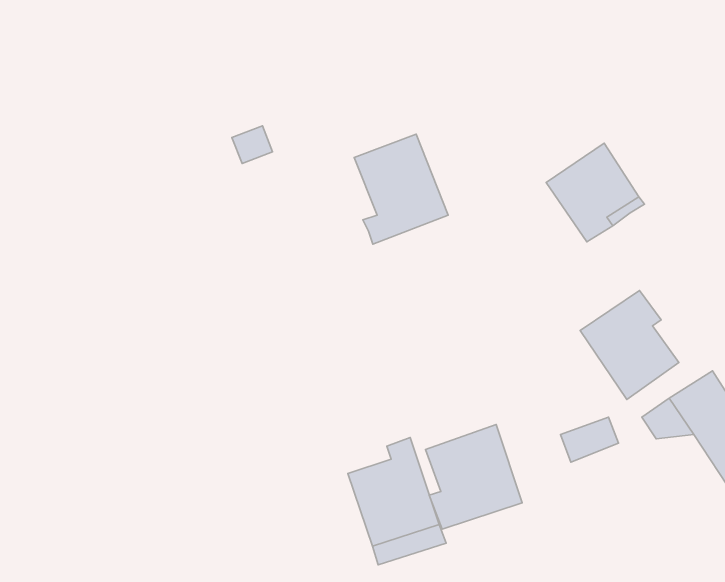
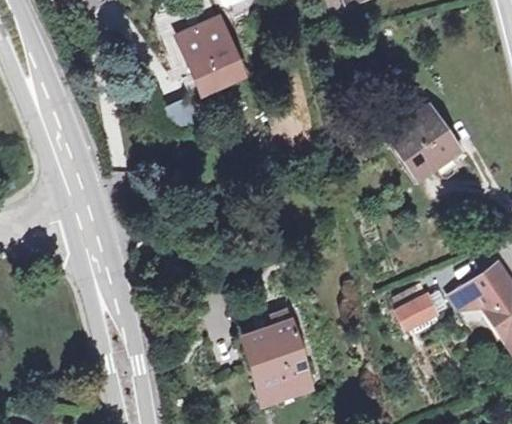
building: [354,134,448,244] -> [175,16,240,92]
building: [580,291,679,399] -> none
building: [426,424,522,529] -> none

